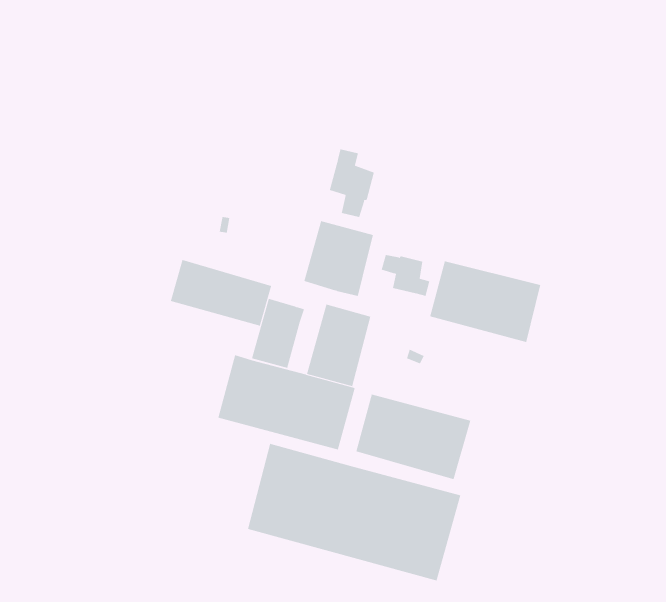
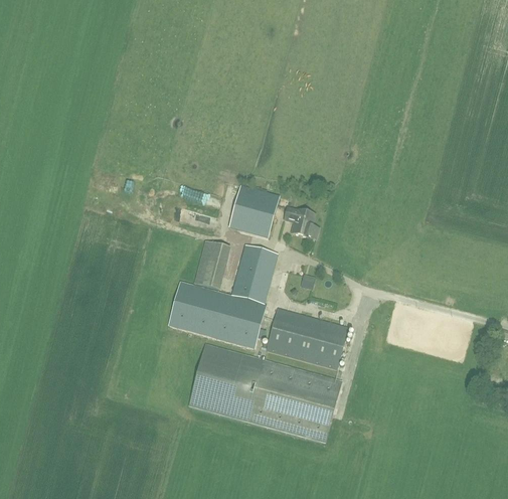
building: [329,149,374,218] -> none
building: [170,259,272,327] -> none
building: [429,260,541,343] -> none

